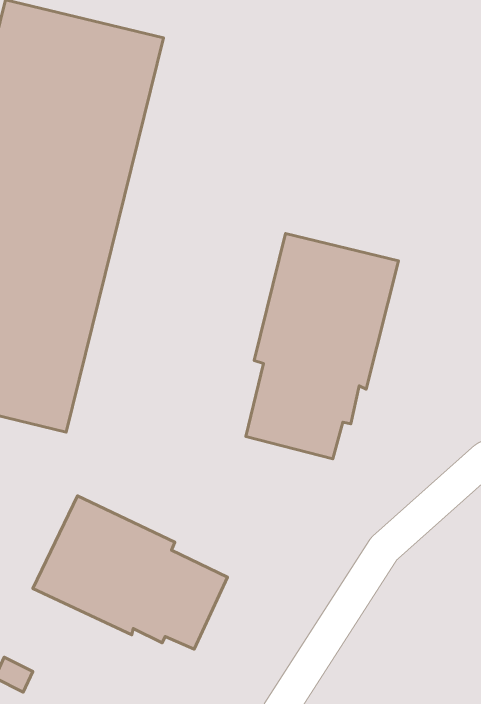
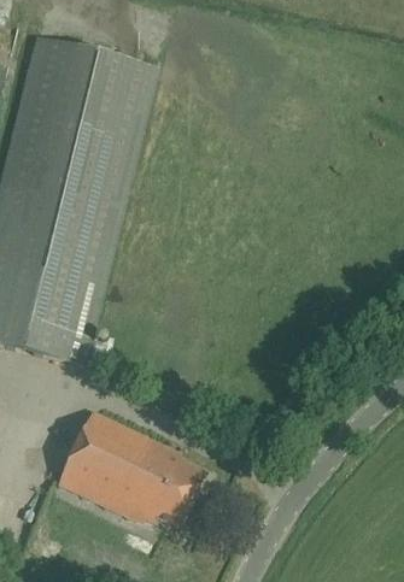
building: [246,234,399,459] -> none

